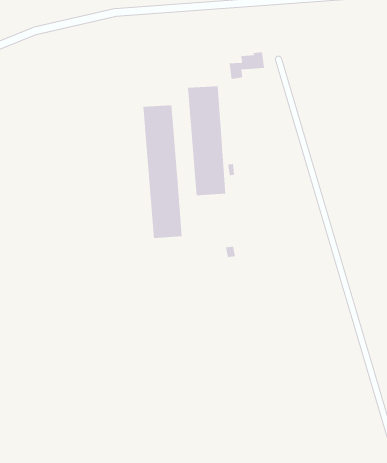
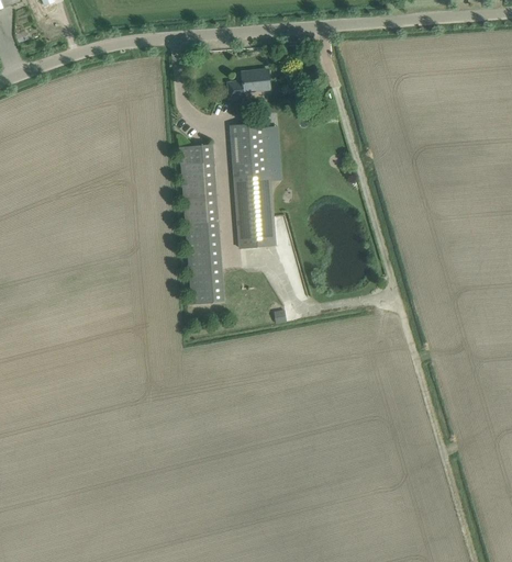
building: [229,52,265,79] -> [226,68,268,100]

